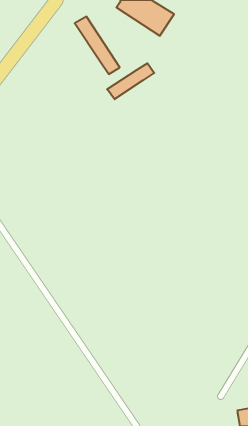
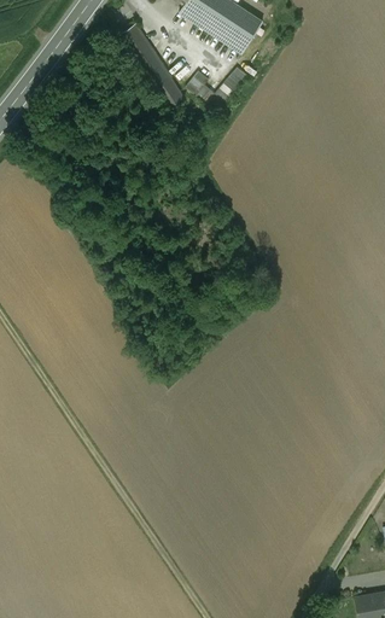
building: [107,63,154,99] -> none

